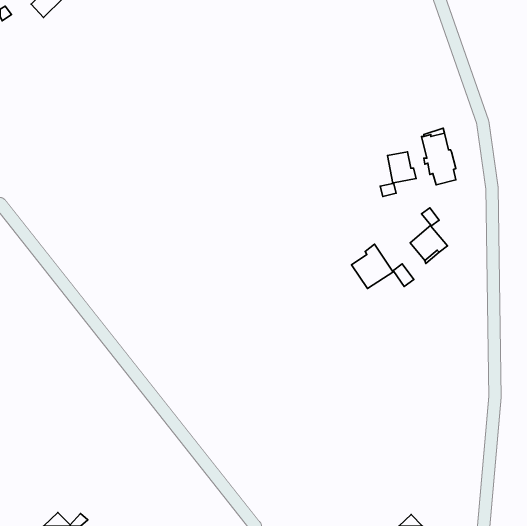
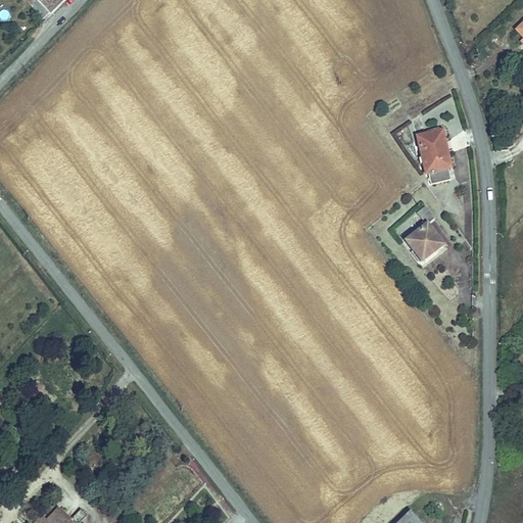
building: [380,152,416,197] -> none
building: [351,244,414,288] -> none

